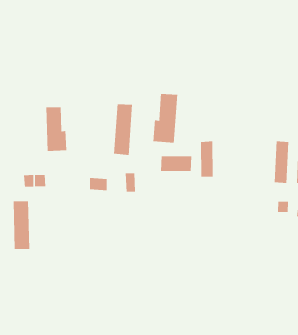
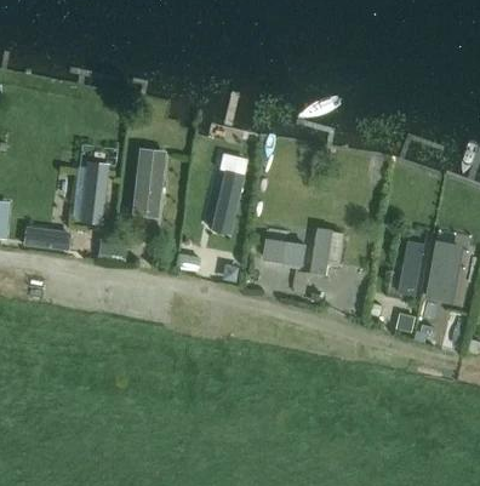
building: [153,93,178,143] -> none
building: [13,201,30,249] -> [80,162,107,223]

